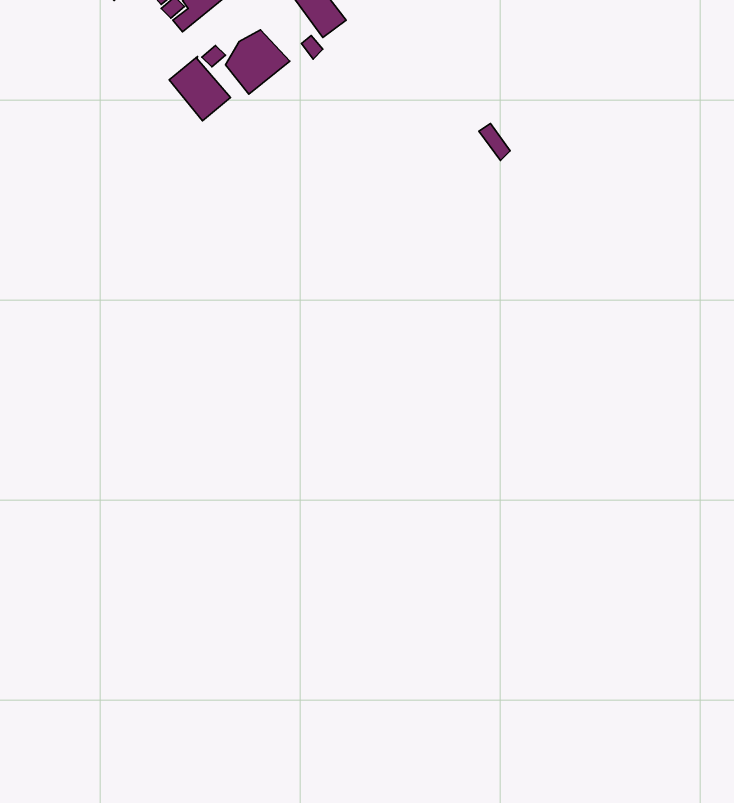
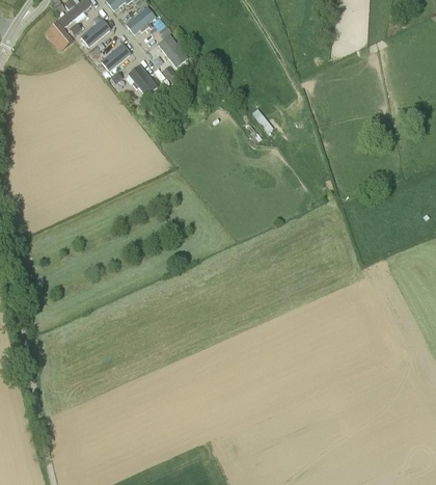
building: [169,57,231,121] -> none

